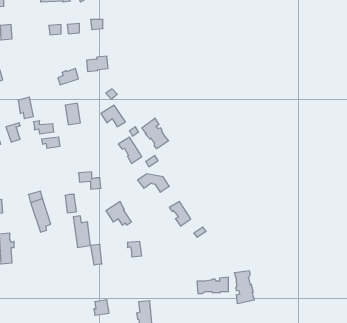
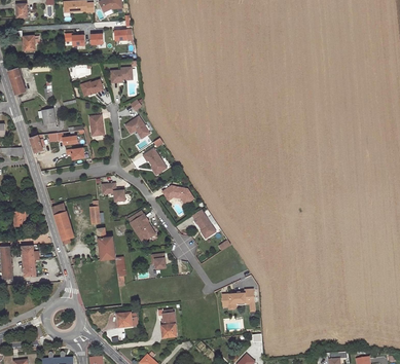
building: [142,118,169,149] -> none
building: [235,271,254,304] -> none

